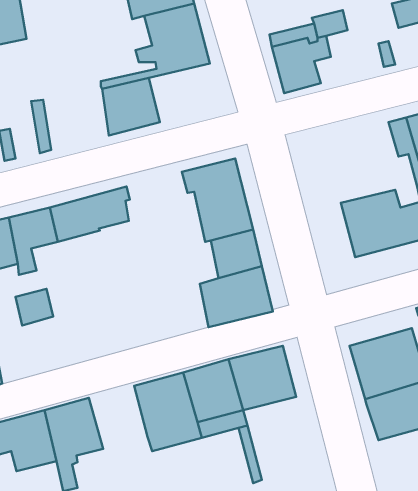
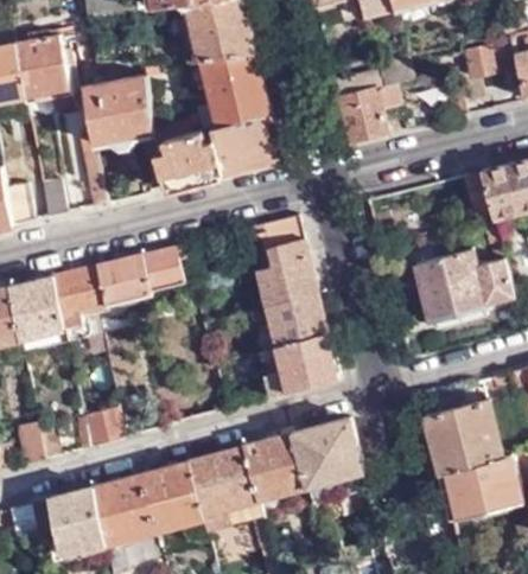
building: none -> [84,83,154,148]
building: none -> [205,114,282,177]
building: [15,289,53,325] -> [79,408,120,447]
building: none -> [141,459,204,527]

